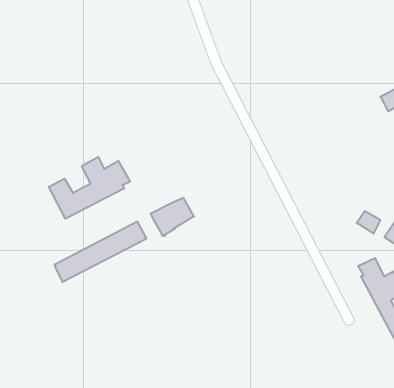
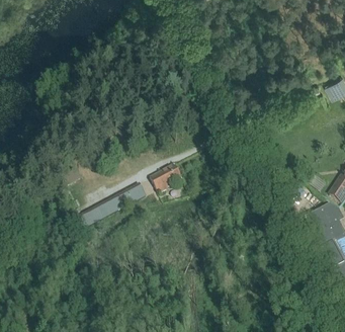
building: [49,157,130,219] -> none

